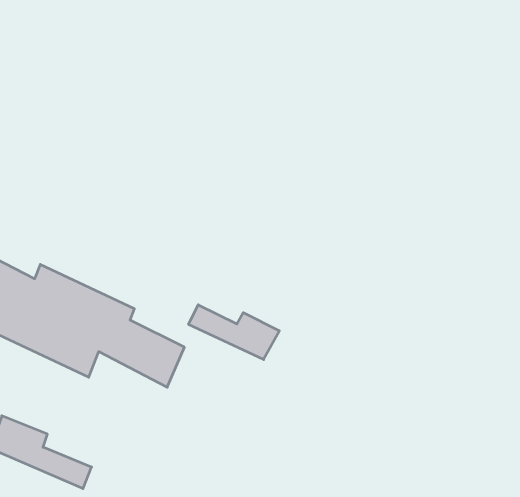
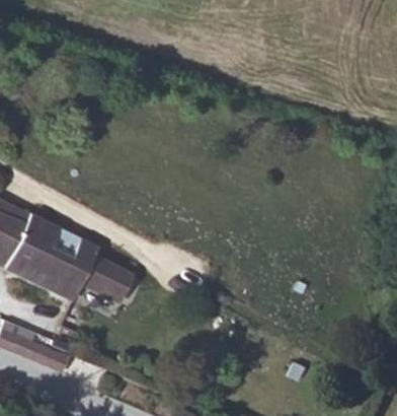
building: [189,305,279,360] -> none

